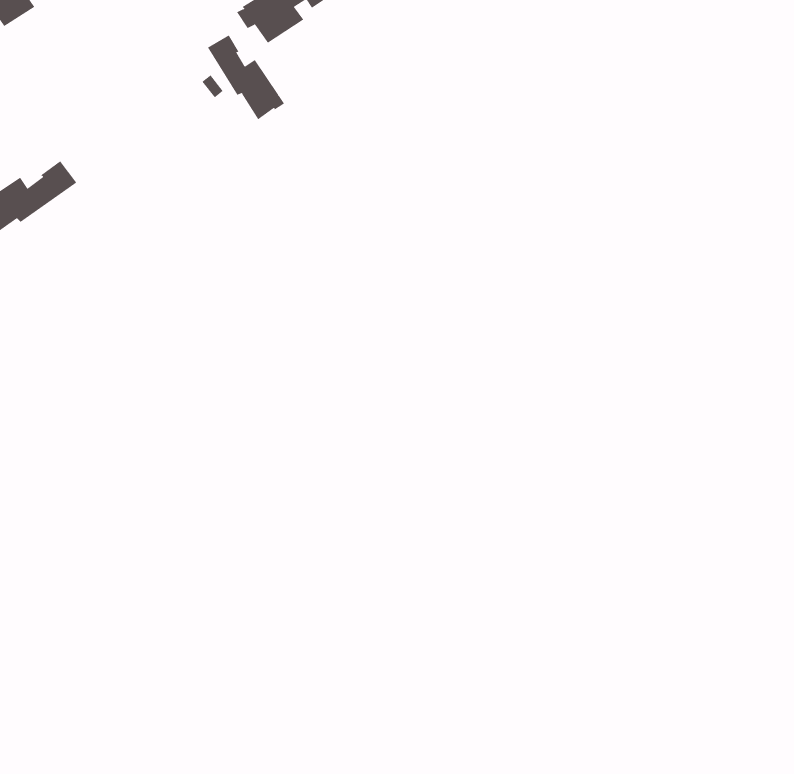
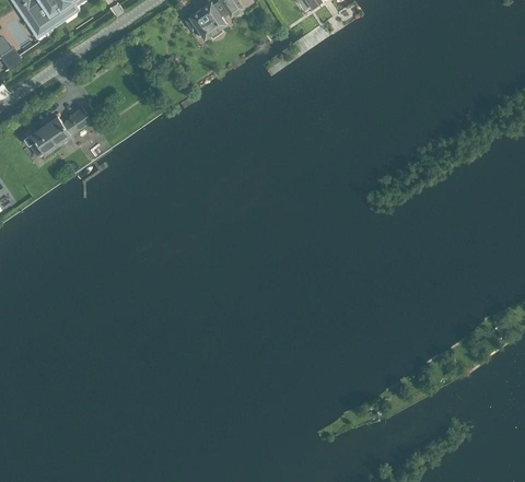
building: [207,34,285,120] -> none

